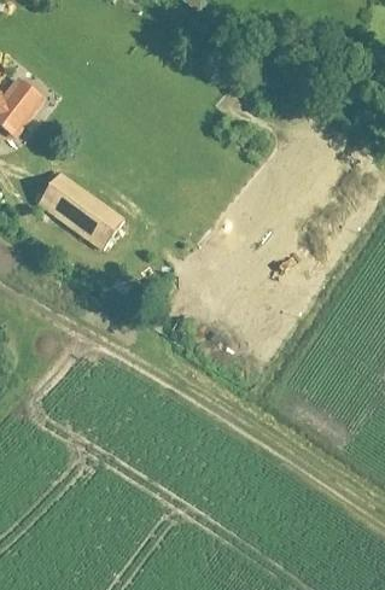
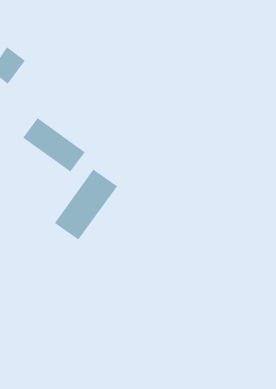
building: none -> [54,169,118,241]

